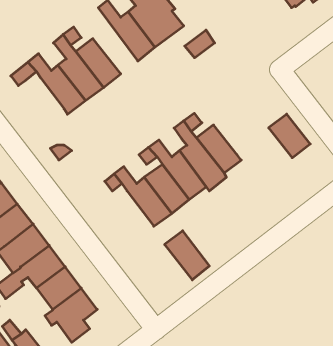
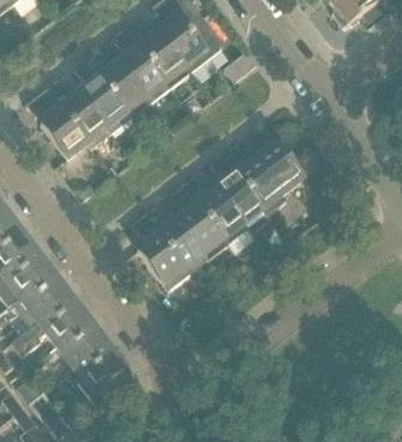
building: none -> [113,26,170,101]
building: none -> [40,106,87,157]
building: [269,114,310,158] -> [255,143,302,193]
building: [165,231,209,280] -> [137,234,188,289]

